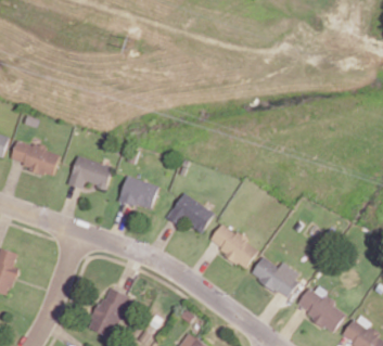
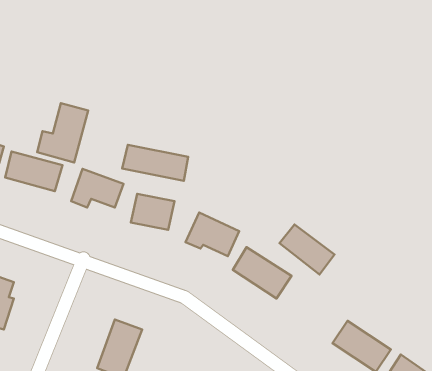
building: none -> [37,103,88,163]
building: none -> [122,145,188,181]
building: [251,256,298,299] -> [280,225,334,274]

